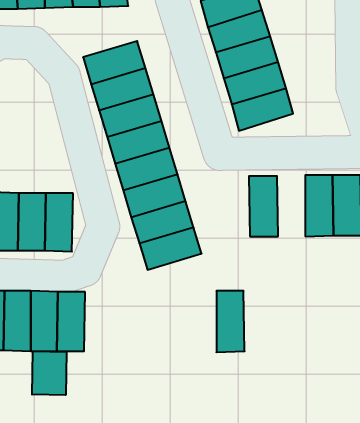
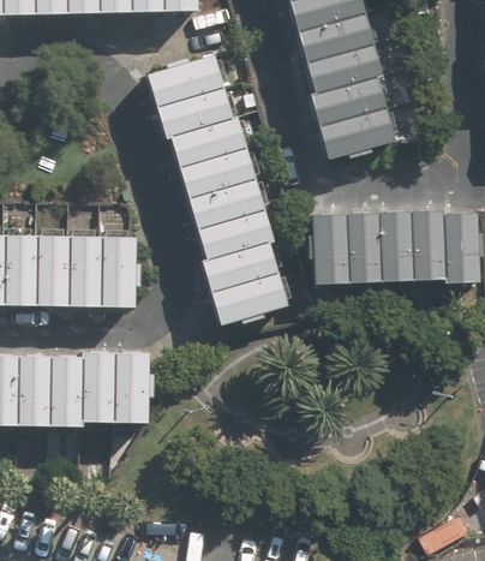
building: none -> [378,213,412,286]
building: [216,291,245,352] -> [312,214,346,287]
building: [32,351,66,395] -> none

